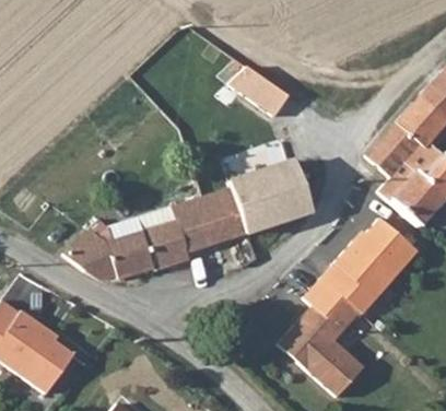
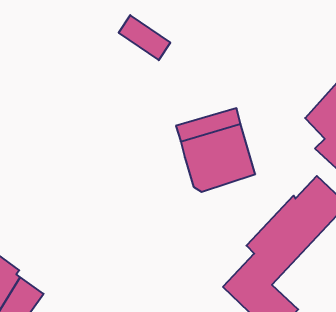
building: [238,66,296,116] -> [119,15,170,60]
building: [68,199,256,281] -> none

